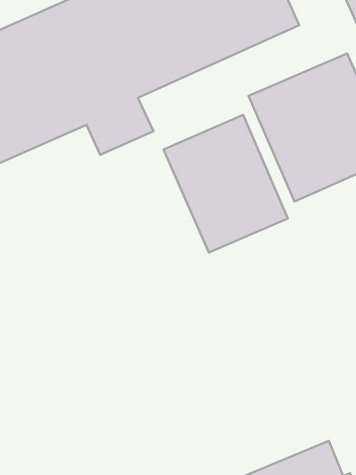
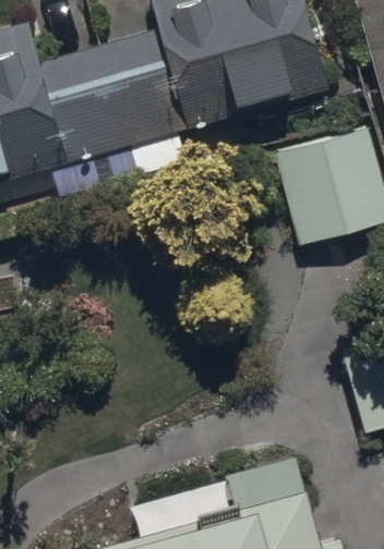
building: [164,115,288,253] -> none

